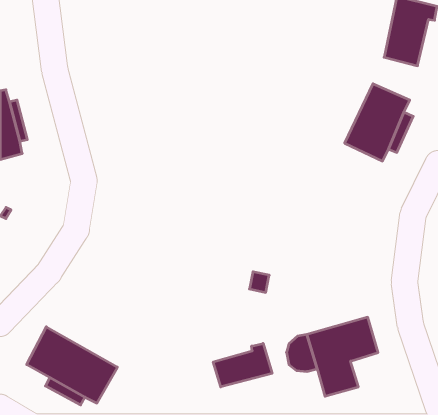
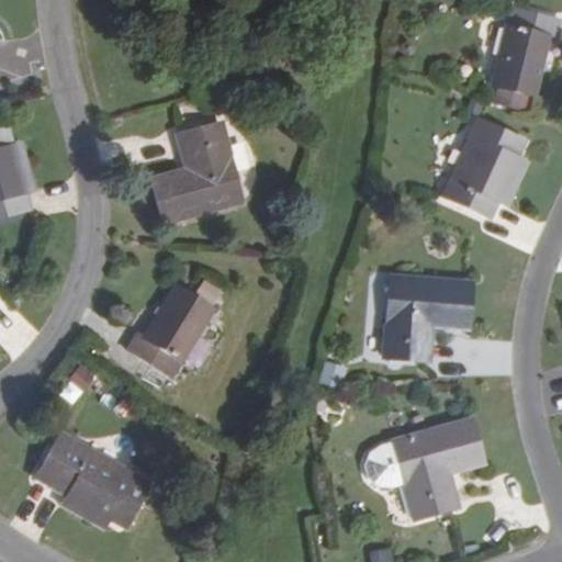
building: none -> [151,122,241,222]
building: none -> [382,274,471,360]
building: none -> [126,284,213,375]
building: [213,343,272,387] -> none

